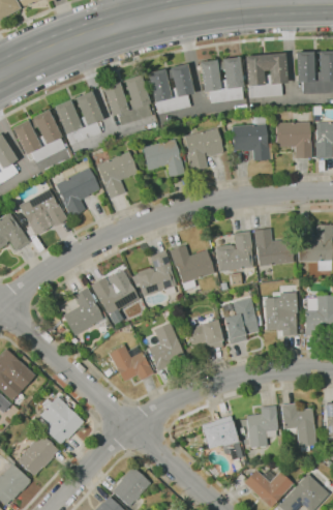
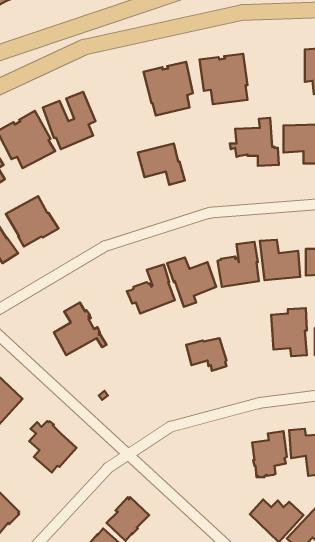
building: [244,53,286,98] -> none
building: [102,74,151,125] -> none
building: [184,128,223,172] -> none
building: [96,151,138,199] -> none
building: [56,168,99,217] -> none
building: [91,269,141,323] -> none
building: [223,297,260,343] -> none
building: [149,322,184,370] -> none
building: [110,344,155,382] -> none
building: [204,415,244,459] -> none
building: [19,433,59,476] -> none

